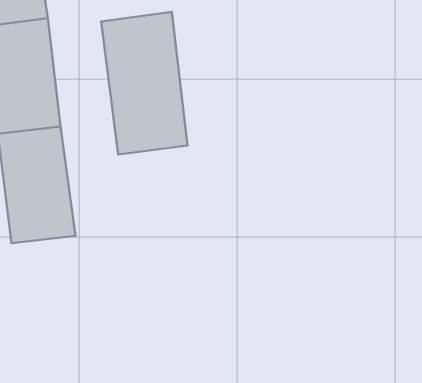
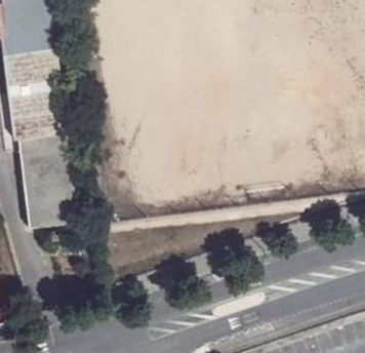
building: [101,12,187,155] -> none

